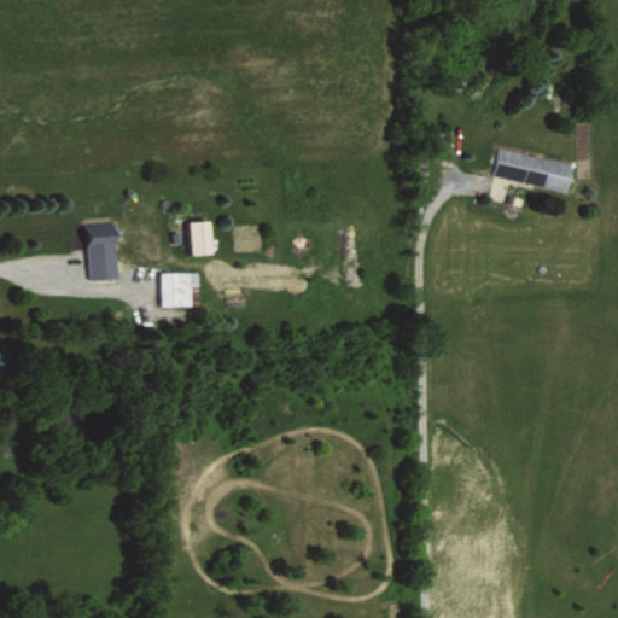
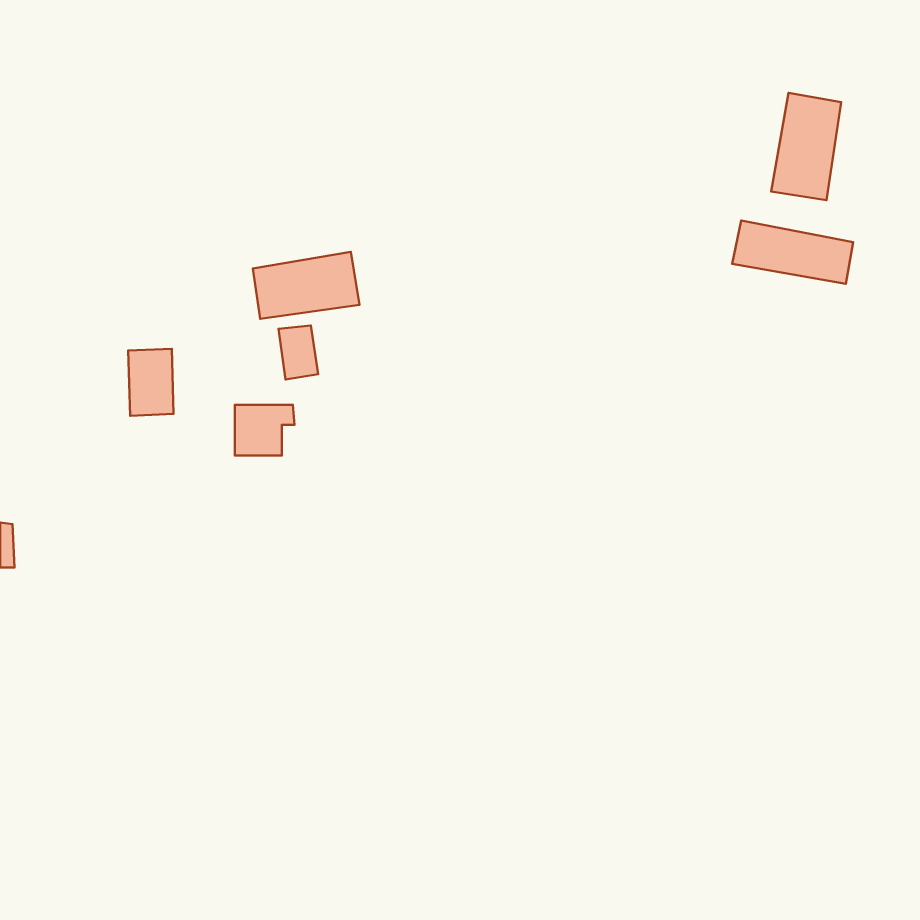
building: none -> [771,93,841,200]
building: none -> [253,252,360,319]

